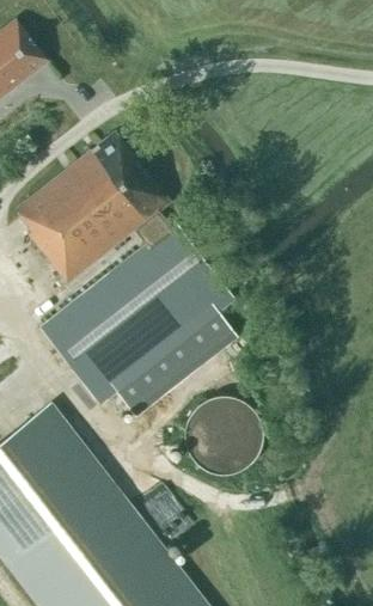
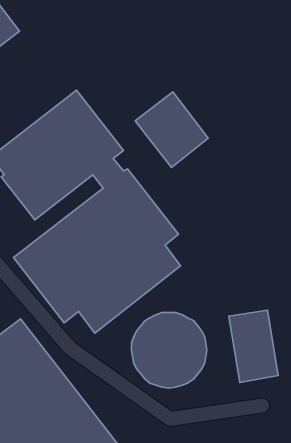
building: none -> [135,92,208,168]
building: none -> [229,310,278,383]

